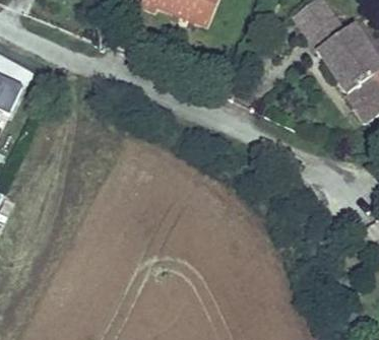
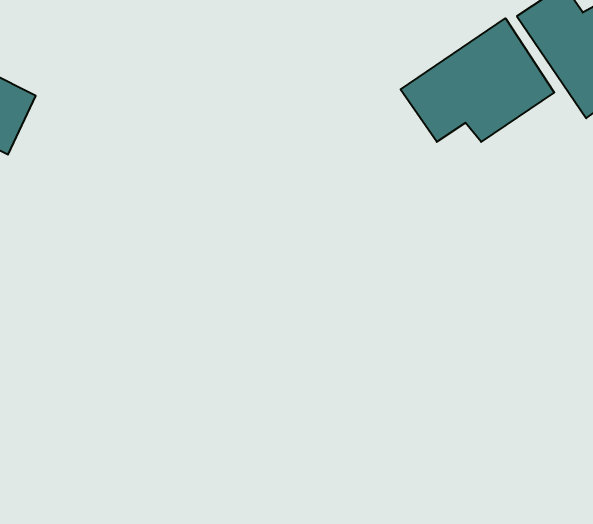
building: none -> [401,18,554,142]

